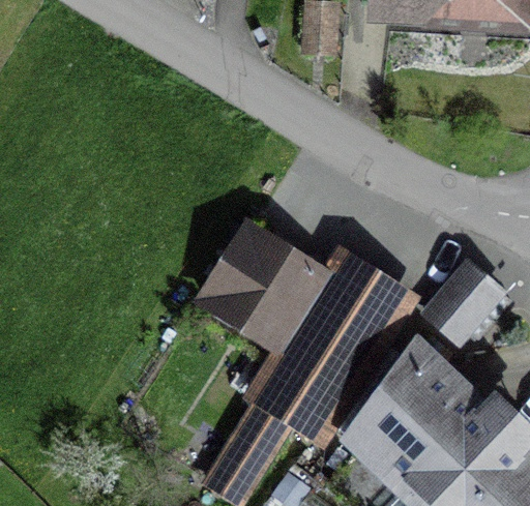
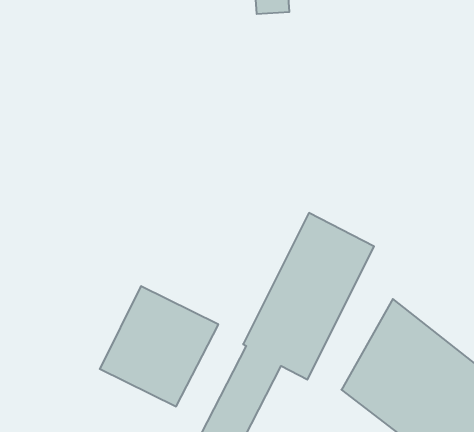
building: [193,219,319,347] -> [100,286,218,406]
building: [417,257,502,343] -> none

